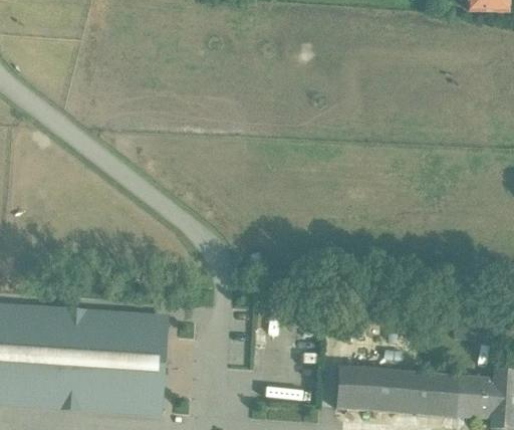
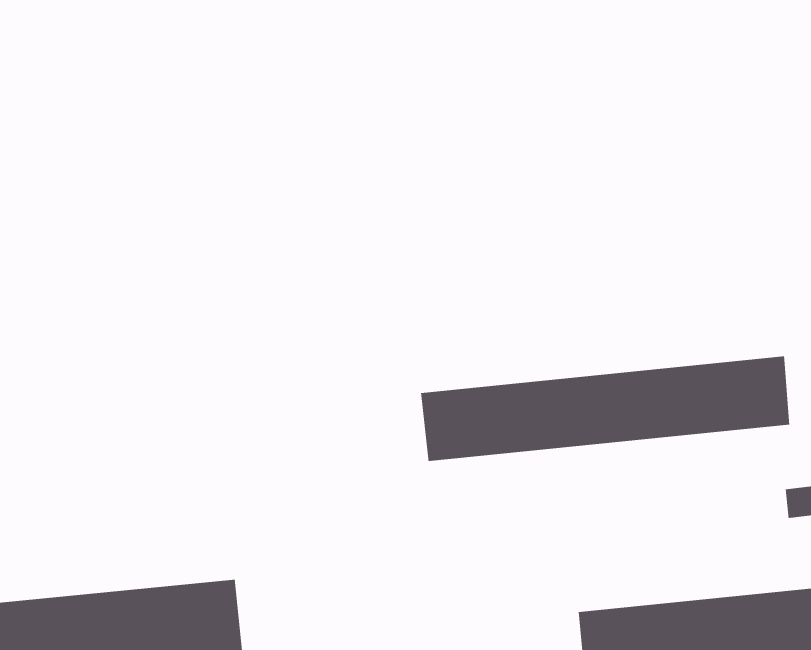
building: none -> [420,355,790,462]

